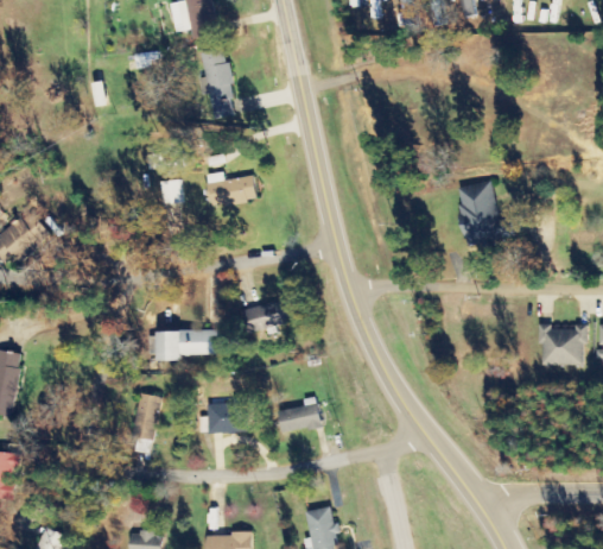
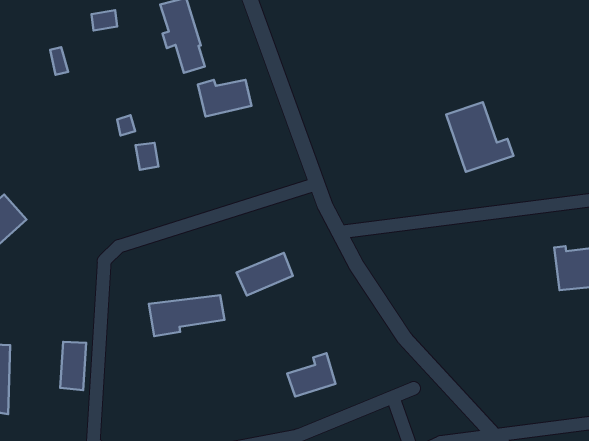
building: [208,172,255,206] -> [198,80,251,116]
building: [131,393,160,441] -> [60,342,86,390]
building: [208,402,247,434] -> none

